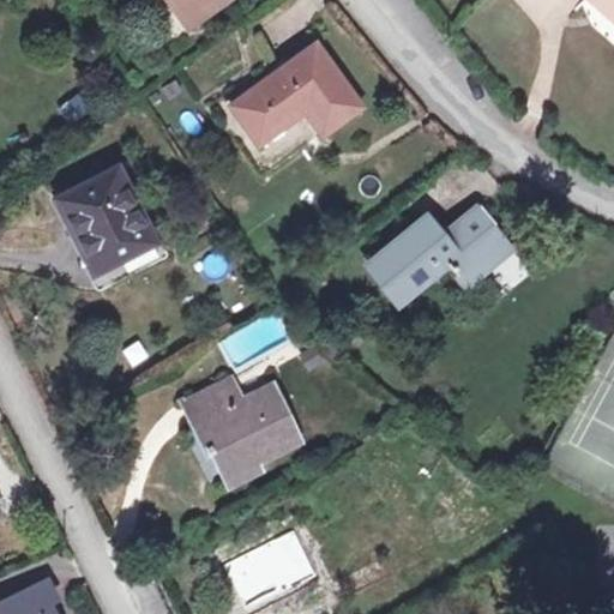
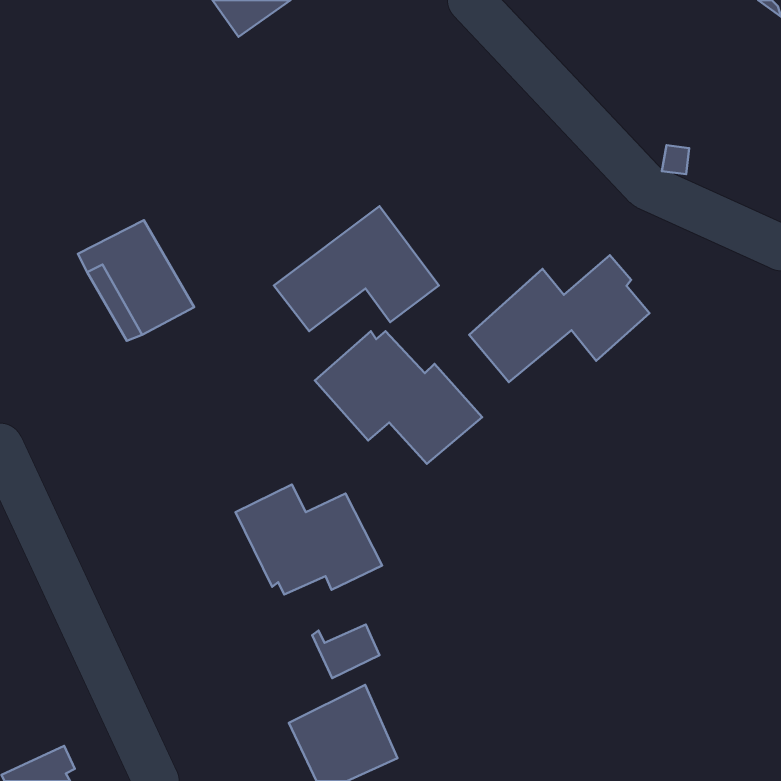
building: [233,40,362,138] -> [274,206,439,331]
building: none -> [315,331,482,464]
building: [213,452,266,494] -> [312,625,379,678]

